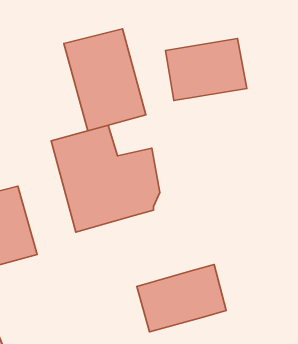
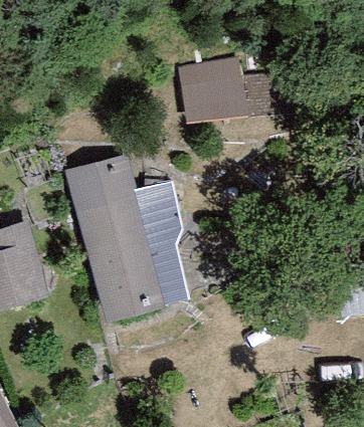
building: [64,29,146,131] -> none
building: [137,264,226,332] -> [90,246,188,319]

